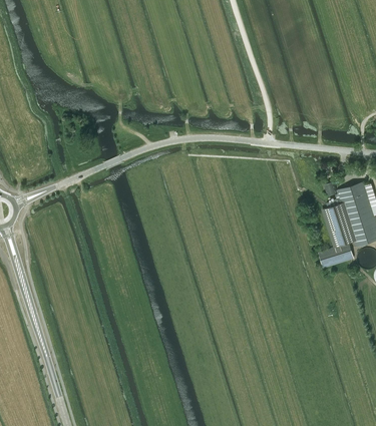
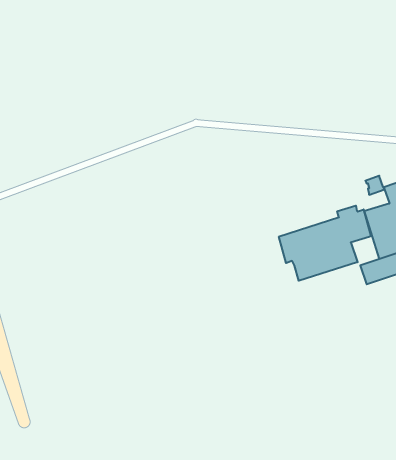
building: none -> [279,206,371,281]

